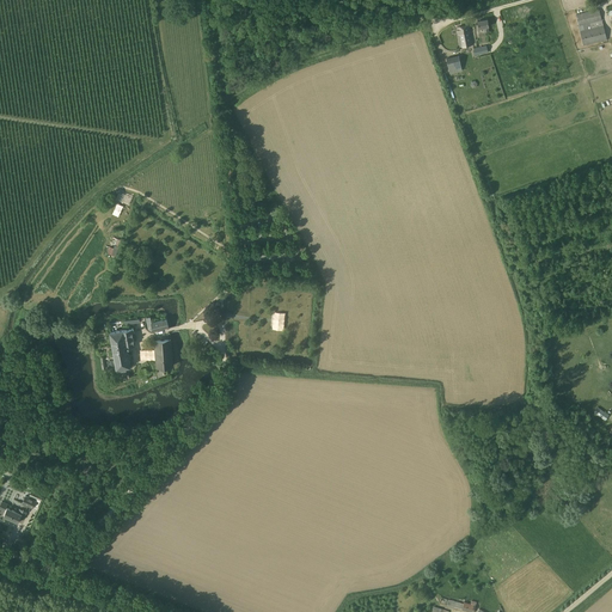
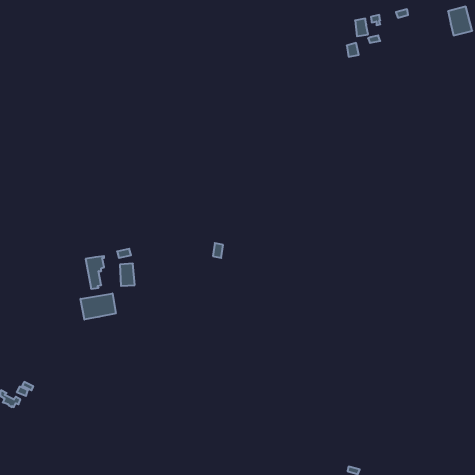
building: none -> [81,293,116,320]

